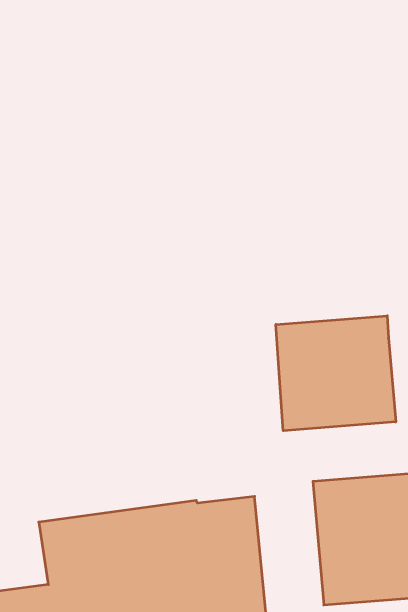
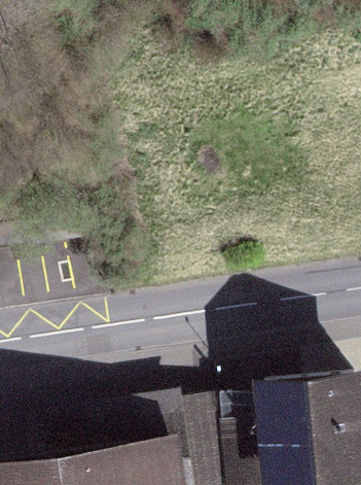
building: [276,316,396,431] -> none

